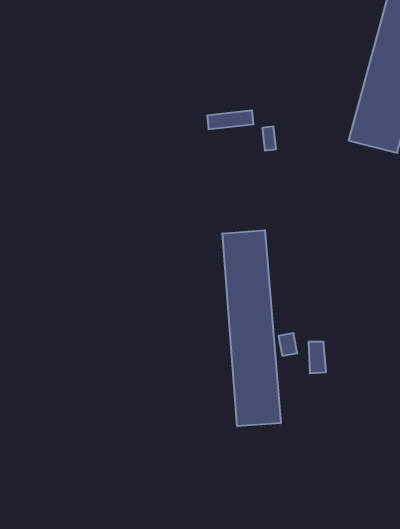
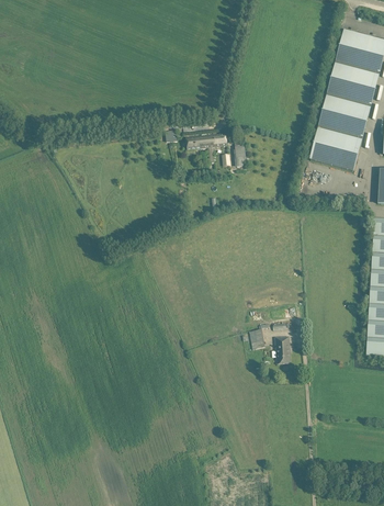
building: [222,230,281,426] -> none

